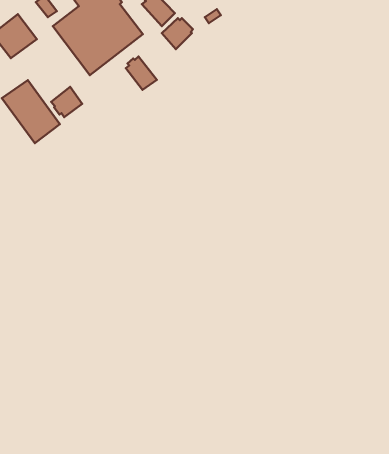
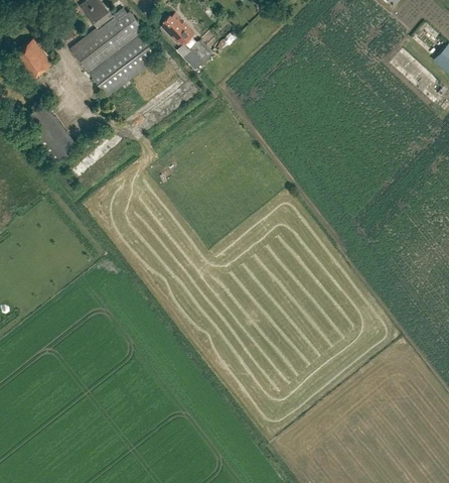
building: [126,56,157,90] -> none
building: [51,87,82,117] -> none

